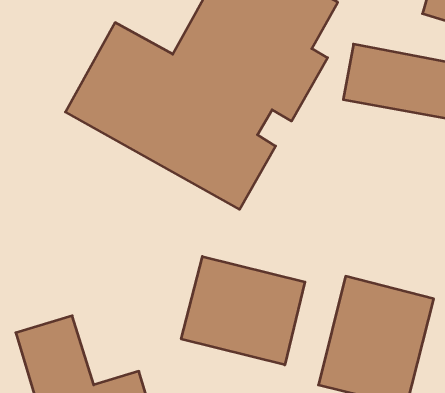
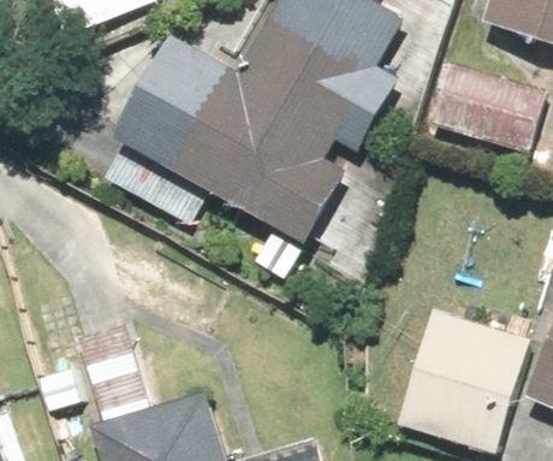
building: [181,256,305,365] -> none

